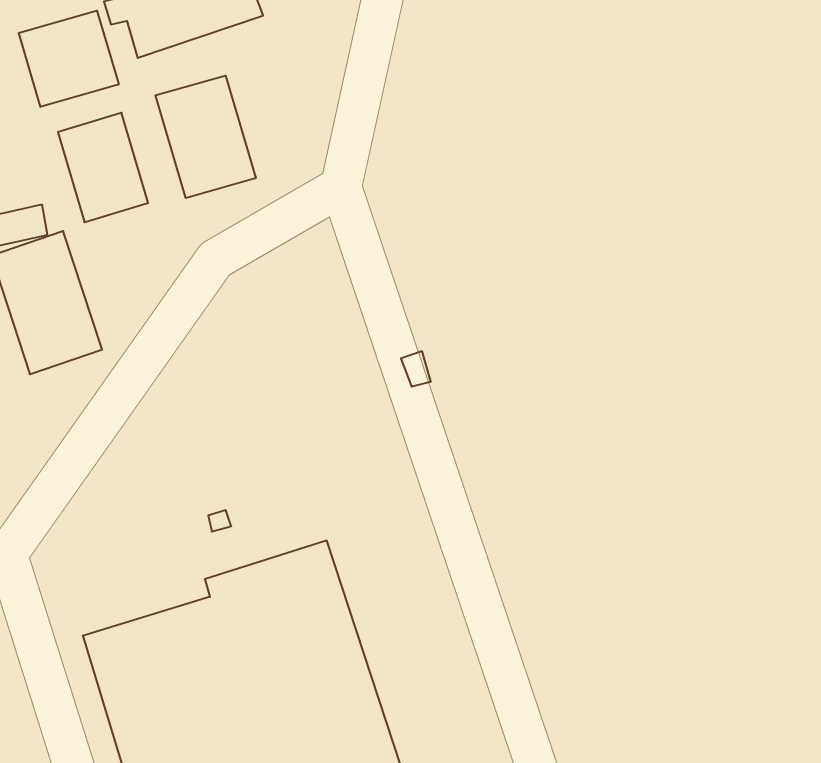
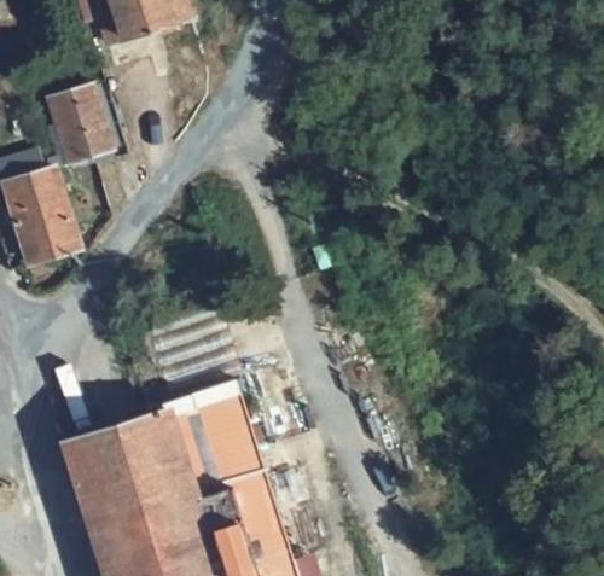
building: [19,11,119,107] -> none
building: [156,76,256,198] -> none

